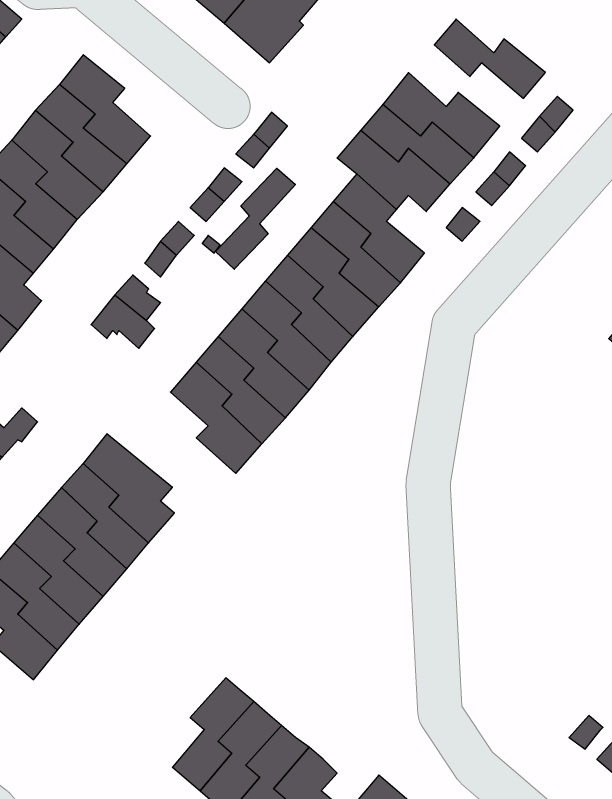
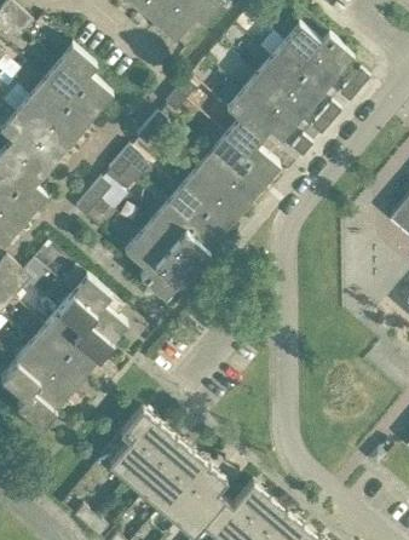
building: none -> [270,38,340,87]
building: [215,168,295,269] -> none
building: none -> [109,409,159,478]

